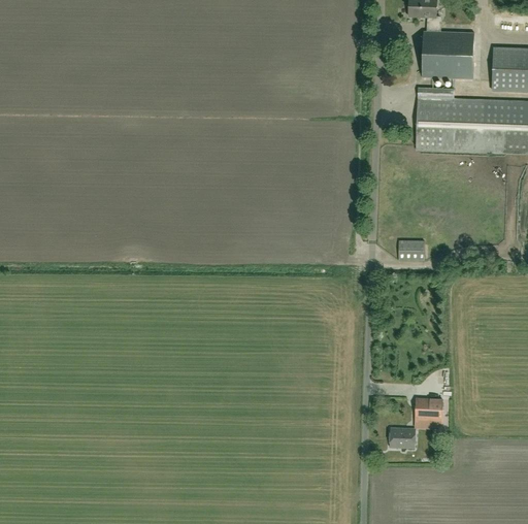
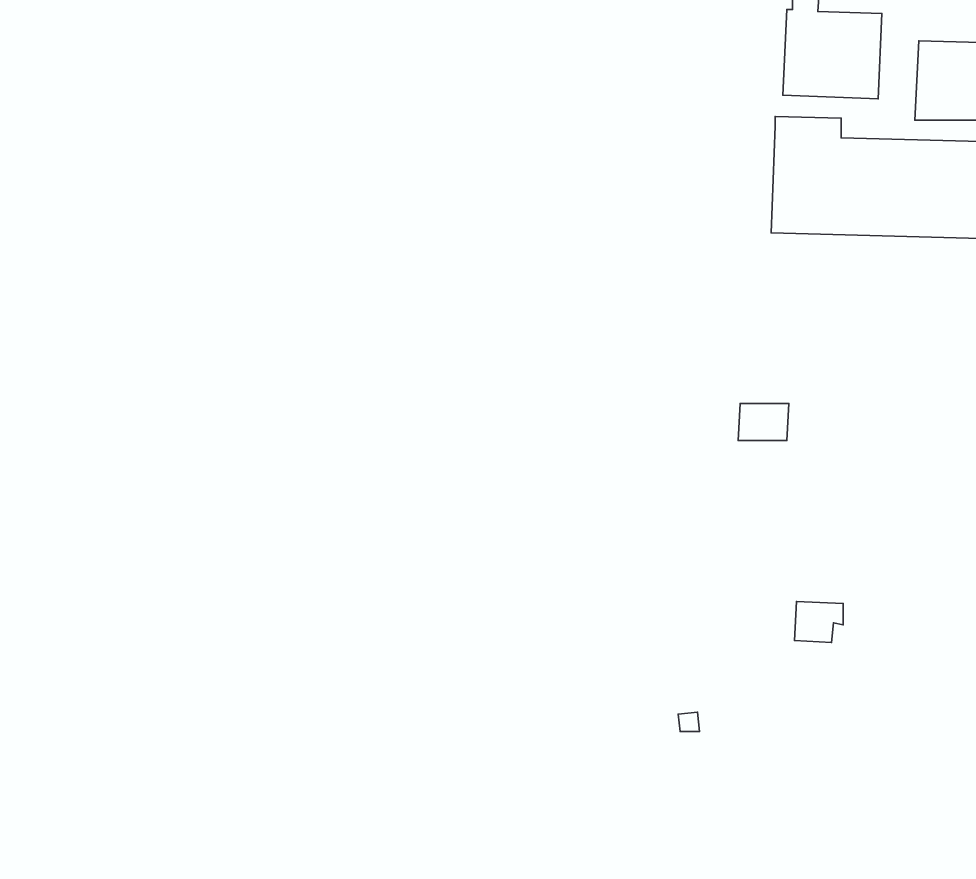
building: [416,398,441,420] -> [795,602,843,642]
building: [390,428,415,448] -> none

